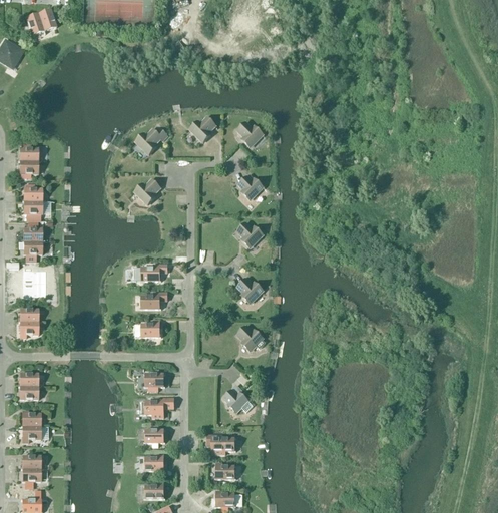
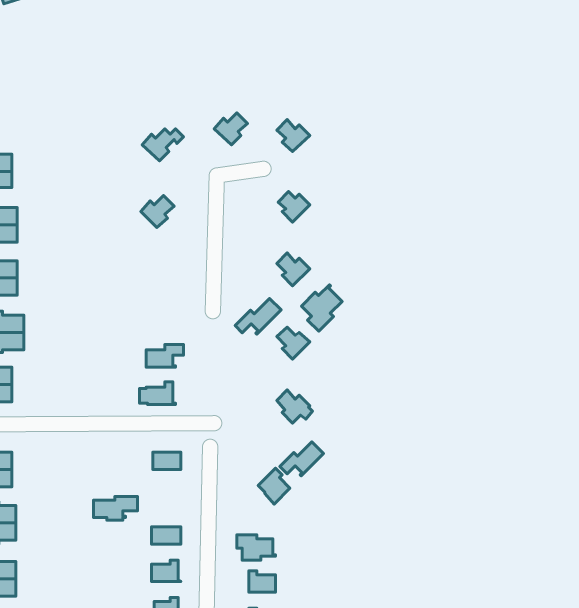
building: none -> [301,285,342,331]
building: none -> [235,298,281,334]
building: [139,264,167,281] -> none
building: none -> [280,442,323,476]
building: [141,398,174,416] -> [94,496,138,520]

